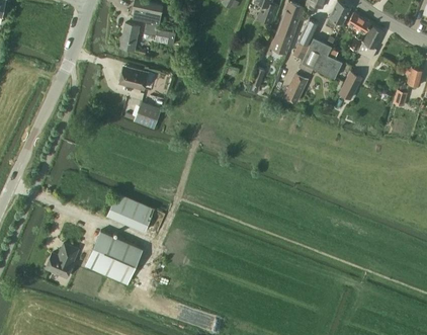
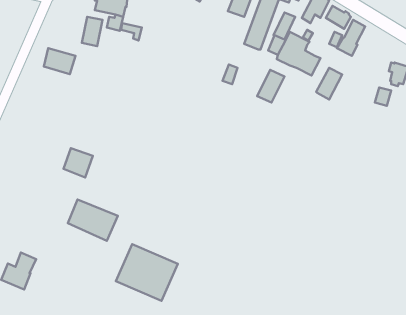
building: [119,66,149,90] -> [44,48,75,74]
building: [134,101,161,129] -> [63,148,93,177]
building: [85,231,143,283] -> [116,244,178,301]

